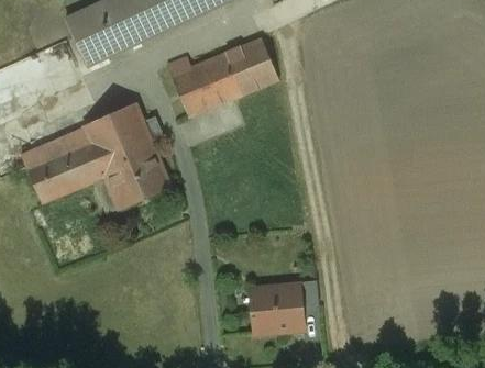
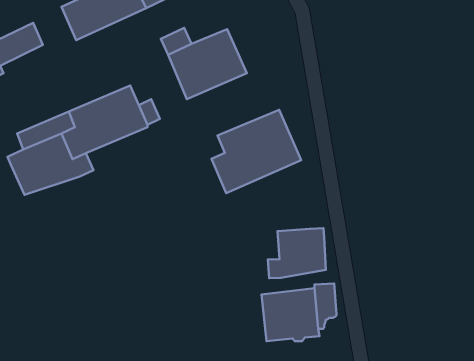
building: [223,37,278,93] -> none
building: [91,142,172,216] -> [211,110,301,193]
building: none -> [268,228,326,278]

